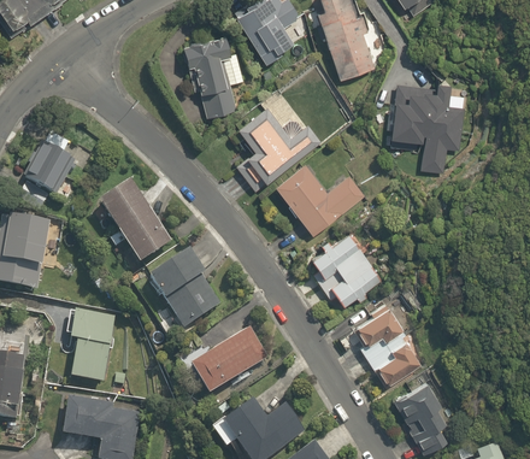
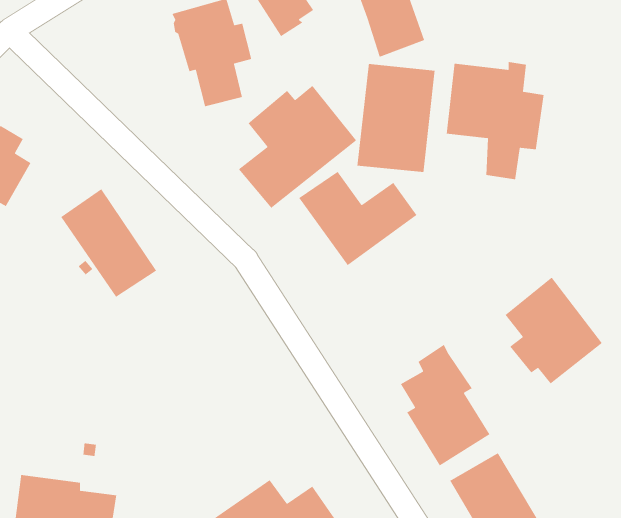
building: none -> [357,63,436,173]
building: [310,228,384,310] -> [504,277,603,385]
building: [148,248,220,331] -> none
building: [69,308,113,381] -> none
building: [193,322,270,396] -> none

